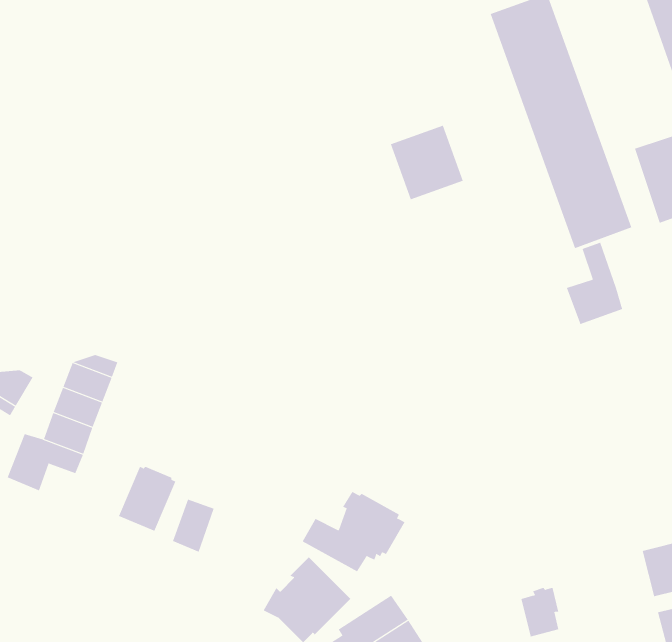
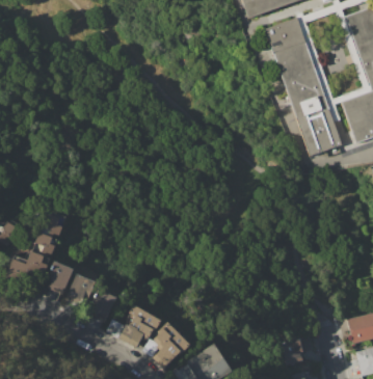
building: [390,125,463,200] -> none
building: [566,242,623,325] -> none
building: none -> [47,261,74,295]
building: [302,491,406,572] -> [105,304,161,348]

